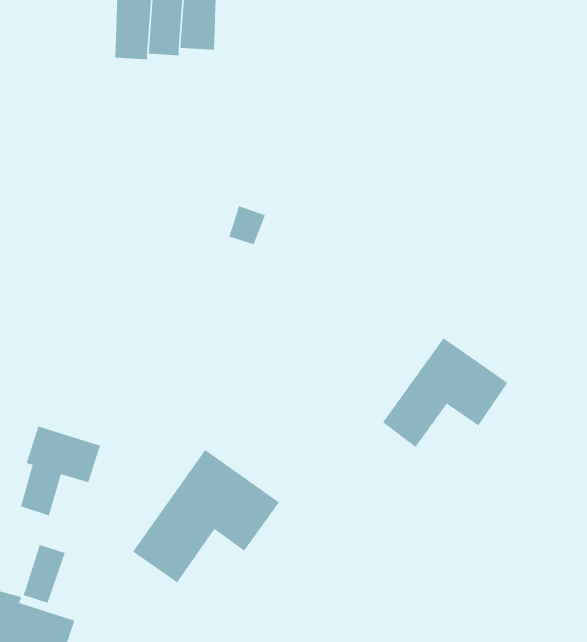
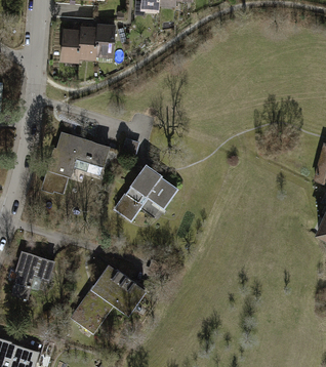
building: none -> [40,131,110,192]
building: [382,338,508,448] -> [113,164,178,221]
building: [23,544,66,604] -> none

